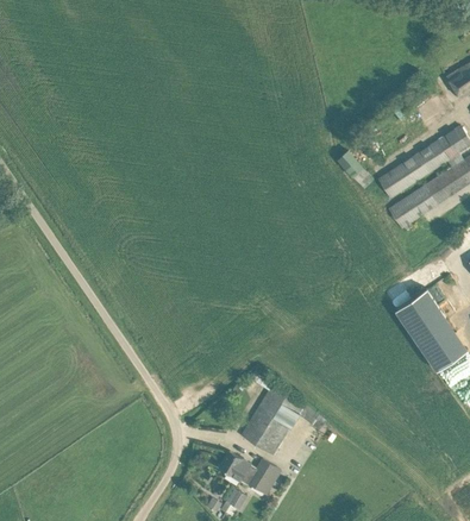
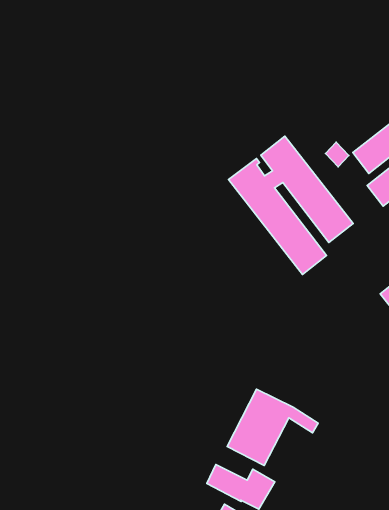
building: none -> [229,136,353,274]

